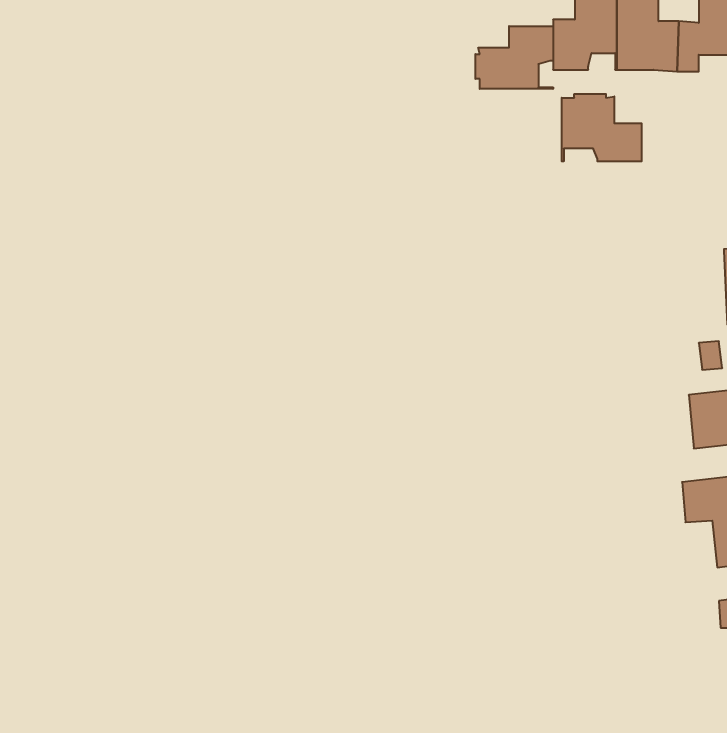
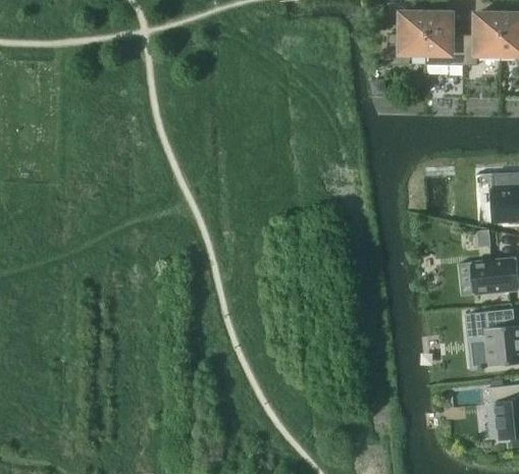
building: [475,26,553,89] -> none
building: [562,94,642,161] -> none

